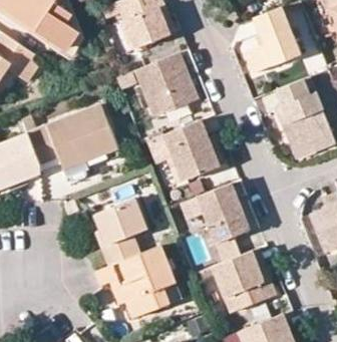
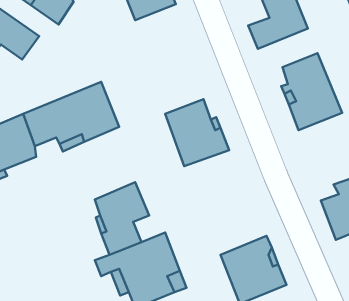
building: [134,53,195,118] -> none
building: [195,185,246,244] -> none

